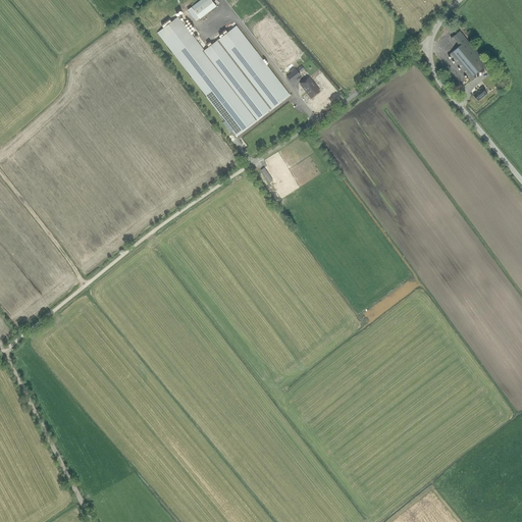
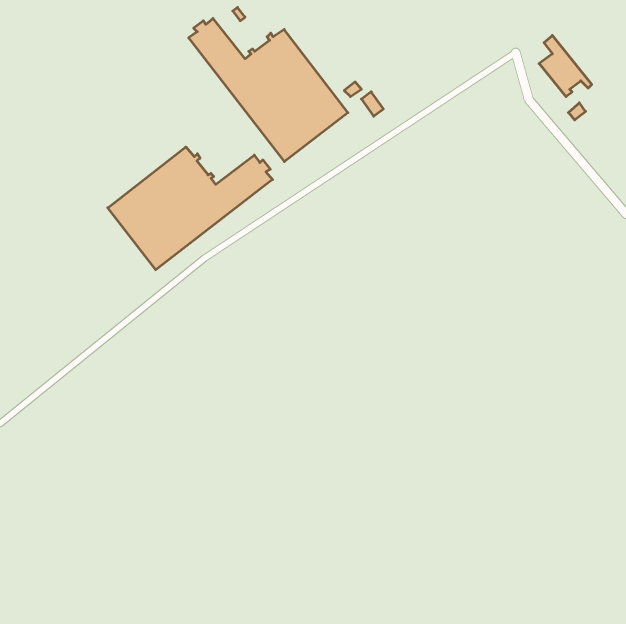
building: none -> [108,147,273,270]

